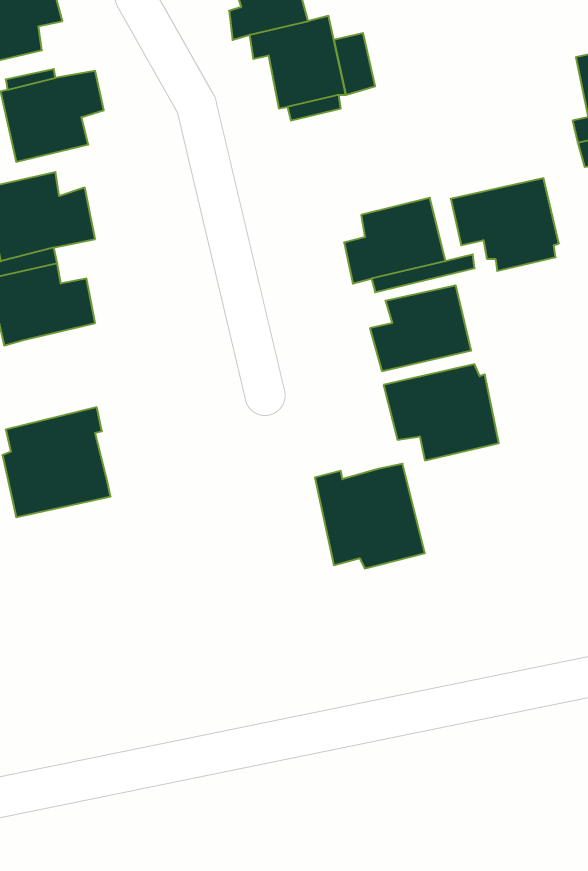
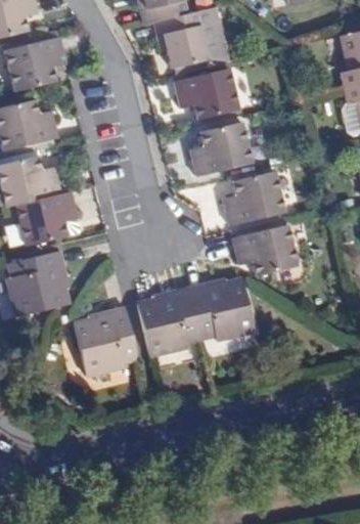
building: [451,178,559,271] -> [189,64,254,120]
building: none -> [14,190,76,245]
building: none -> [136,286,199,356]
building: none -> [72,305,136,373]

